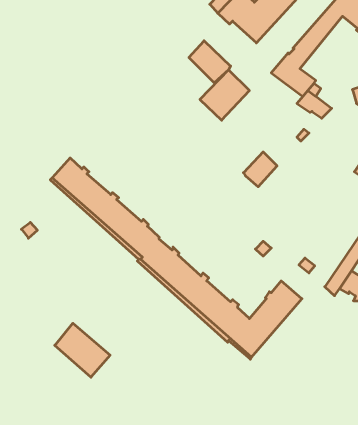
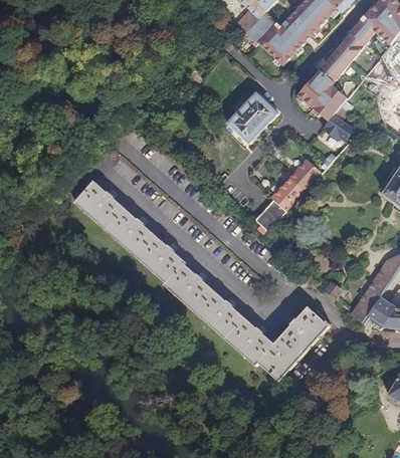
building: [189,41,231,83] -> none
building: none -> [289,157,321,189]
building: none -> [253,199,285,231]
building: [55,323,110,377] -> none

